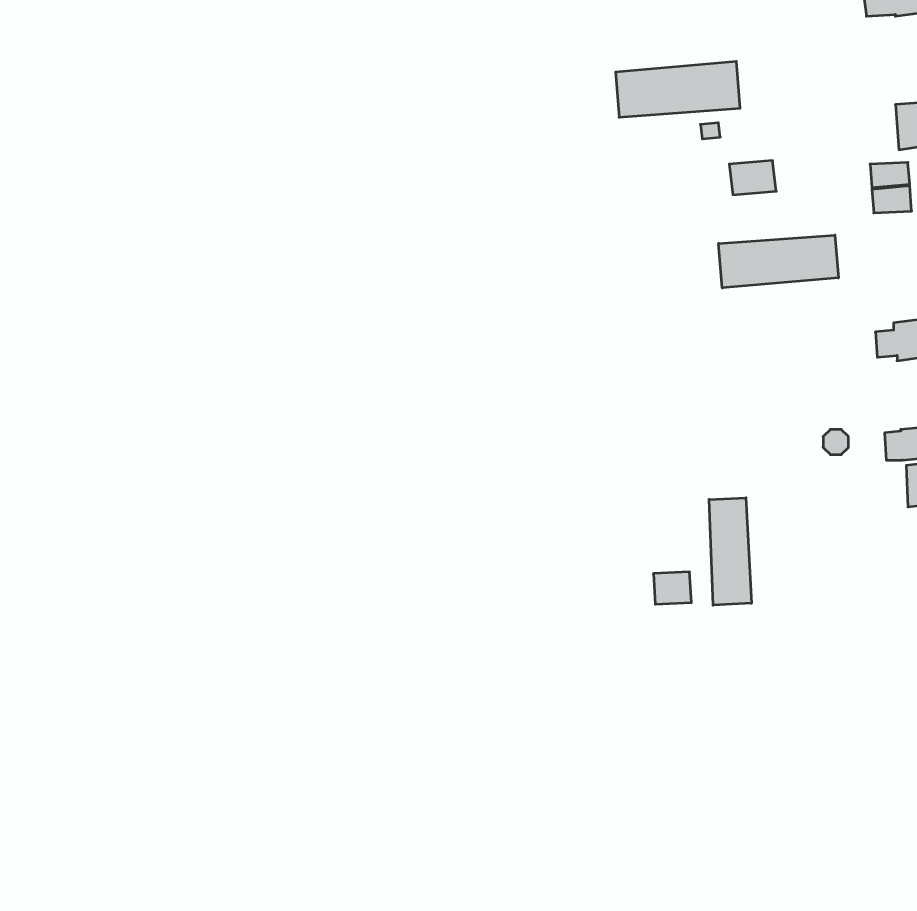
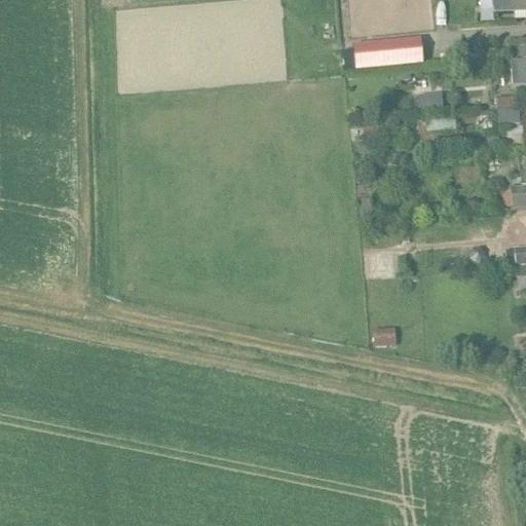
building: [719,235,838,288] -> none
building: [709,498,751,605] -> none

